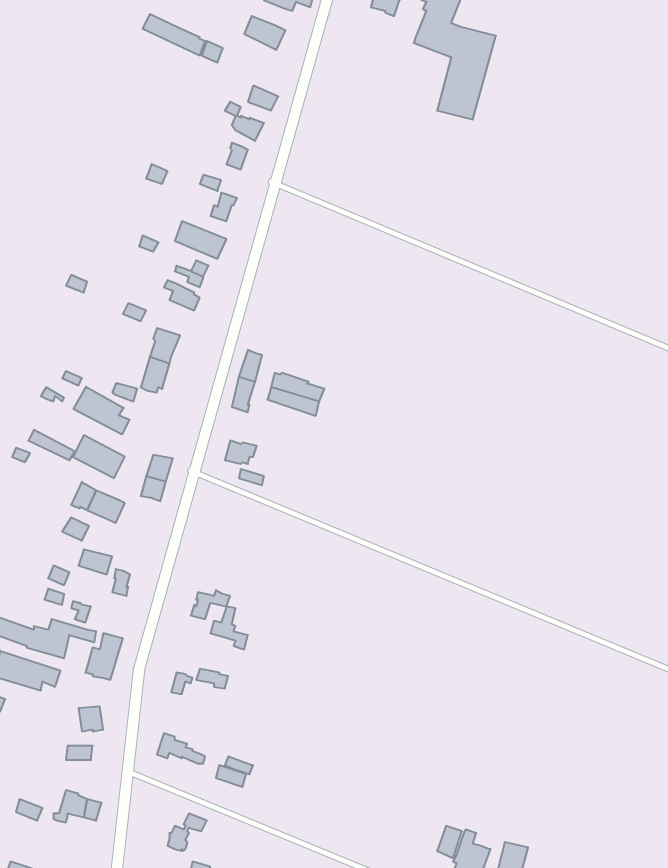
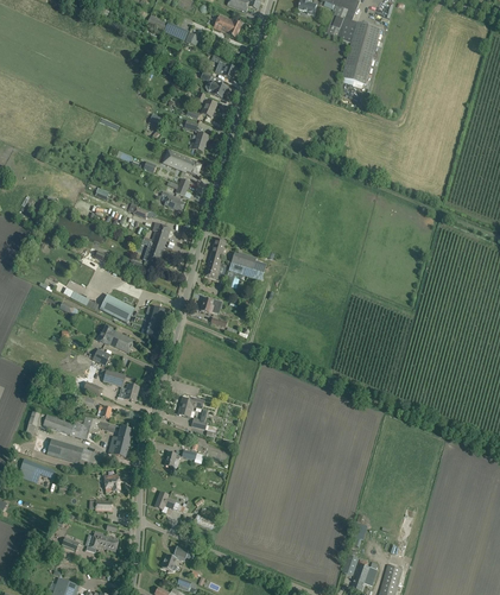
building: [74,387,130,434] -> none

